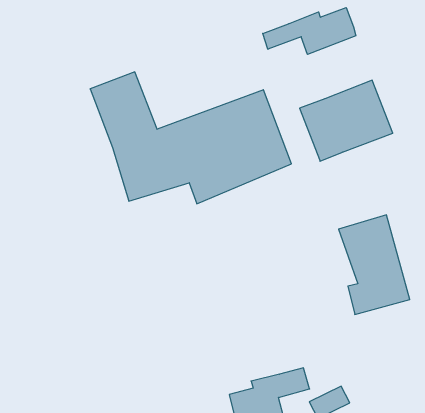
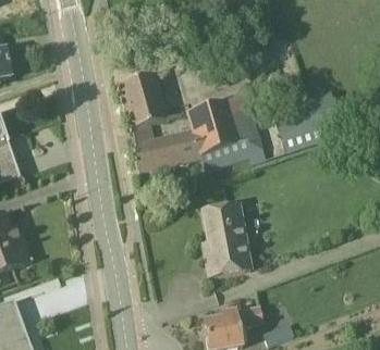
building: [263,8,356,54] -> none
building: [339,215,410,314] -> [201,202,250,275]

